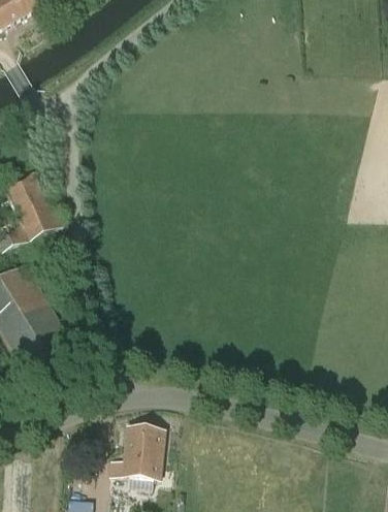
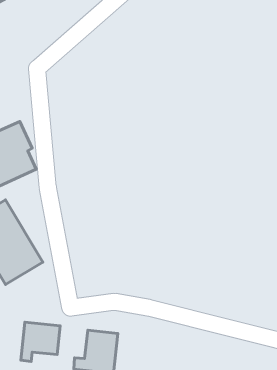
building: none -> [21,322,60,362]

